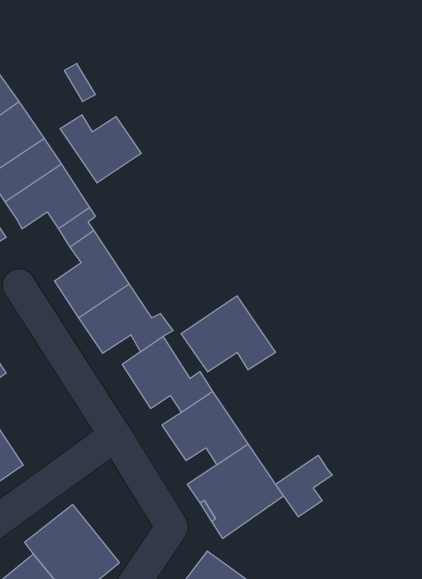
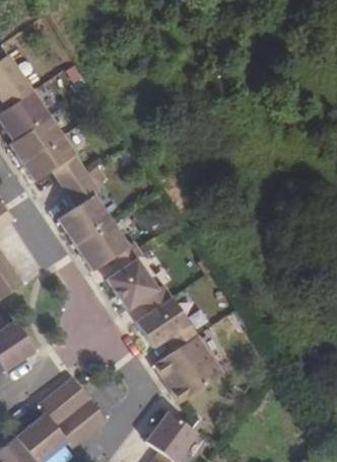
building: [60,115,141,183] -> none
building: [181,296,275,372] -> none
building: [275,455,332,517] -> none

